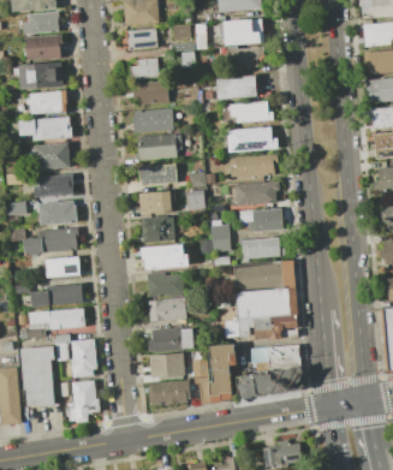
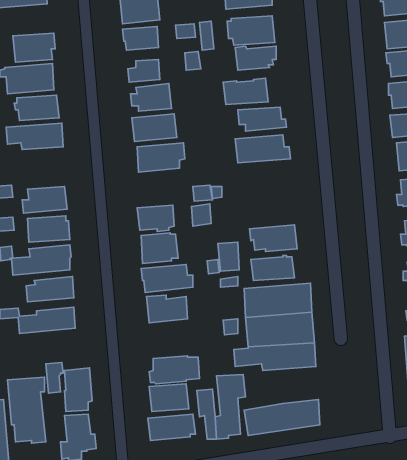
building: [22,11,58,34] -> none
building: [32,142,69,169] -> none
building: [230,154,274,178] -> none
building: [137,163,177,185] -> none
building: [224,180,279,206] -> none
building: [148,297,186,321] -> none
building: [19,308,84,339] -> none
building: [252,345,302,370] -> none

